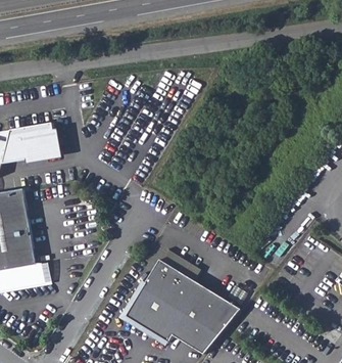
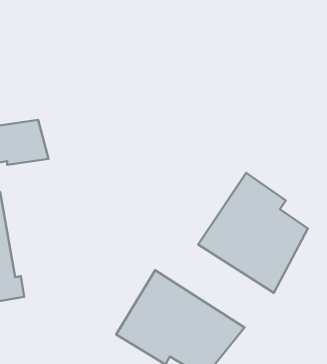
building: none -> [198,173,308,293]

